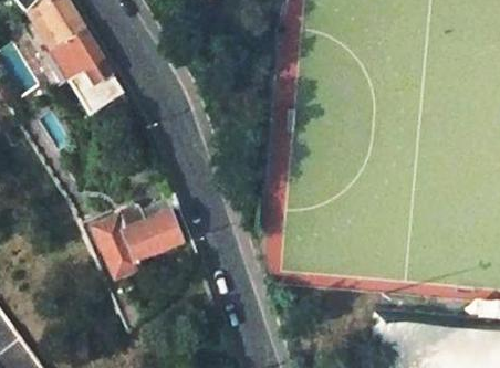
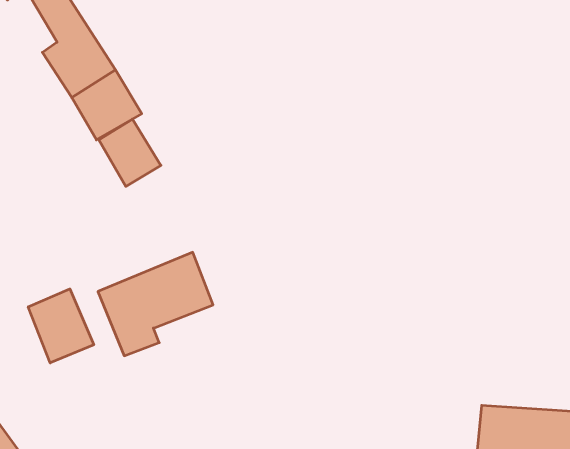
building: none -> [99,119,161,186]
building: none -> [28,289,94,363]

